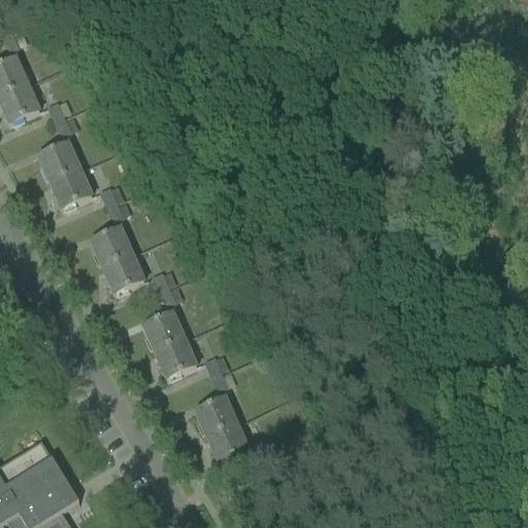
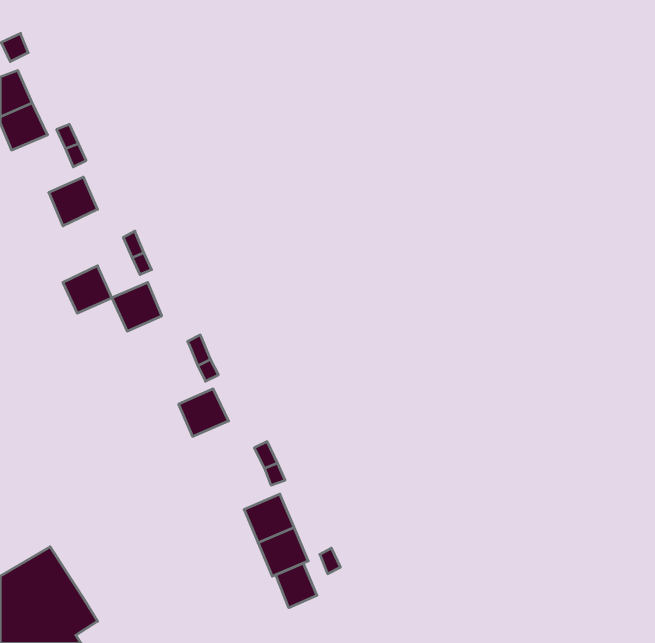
building: [52,168,91,206] -> [63,266,112,313]
building: [103,254,143,293] -> none
building: [156,338,196,376] -> none
building: none -> [276,563,317,608]

